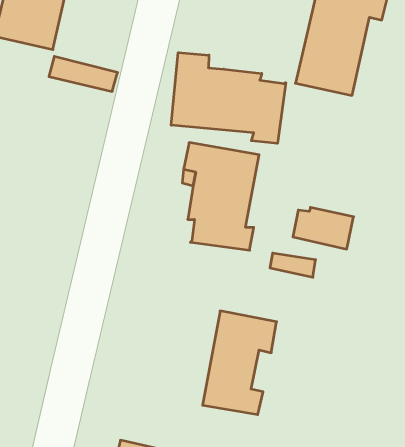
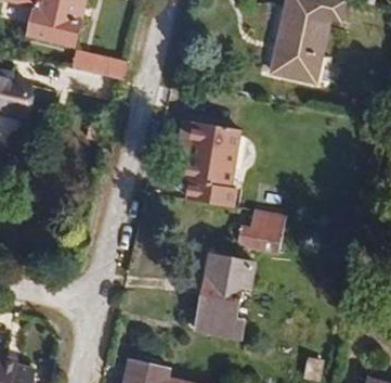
building: [171,53,286,143] -> none
building: [293,207,354,249] -> [235,221,284,255]

